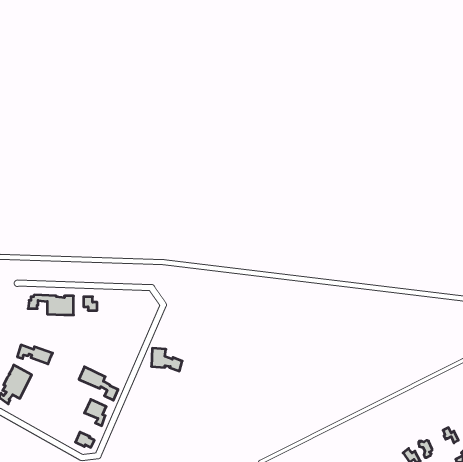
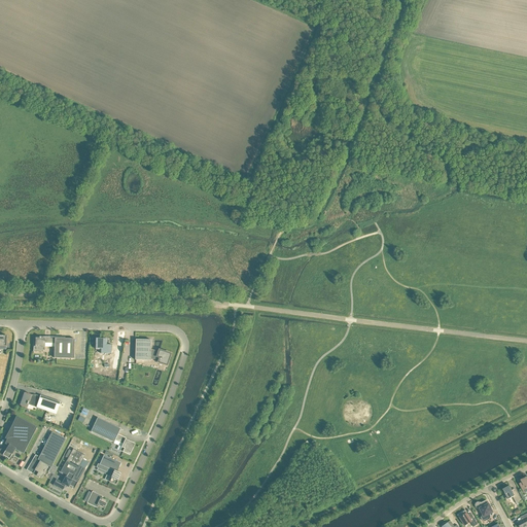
building: [151,348,182,371] -> [134,338,169,363]
building: none -> [26,430,65,476]
building: none -> [51,447,84,489]

